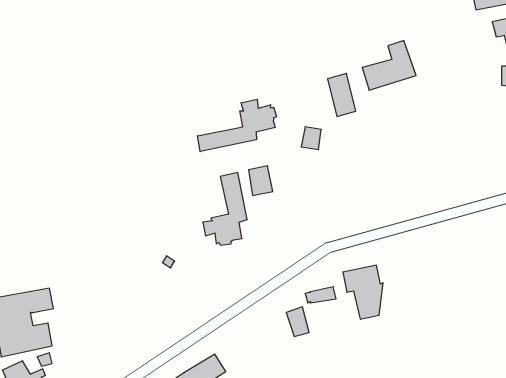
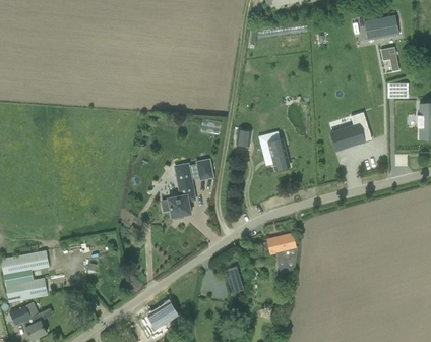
building: [362,41,416,90] -> [331,112,372,150]
building: [328,73,356,116] -> [268,137,290,170]
building: [198,99,277,152] -> none

